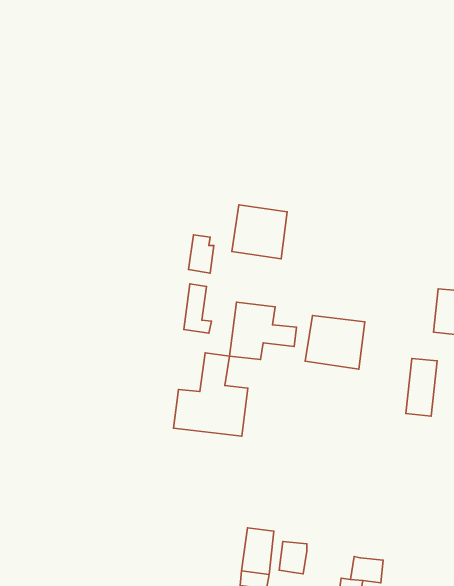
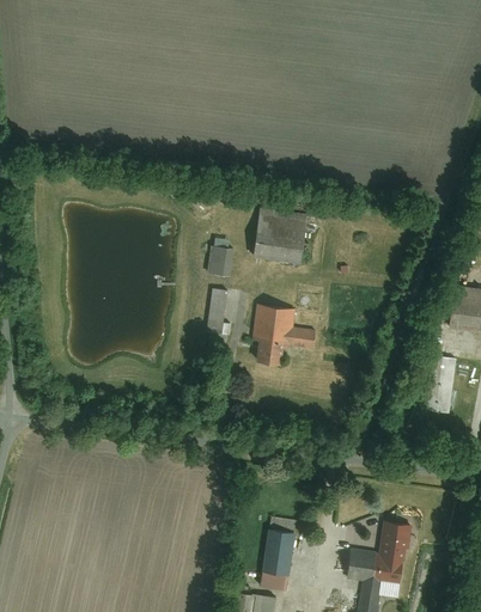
building: [305,315,365,369] -> none
building: [173,353,248,436] -> none
building: none -> [380,519,408,559]
building: [279,541,307,574] -> [347,546,375,579]

